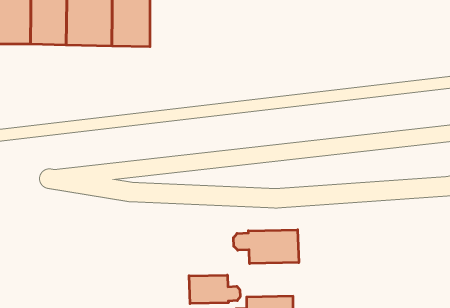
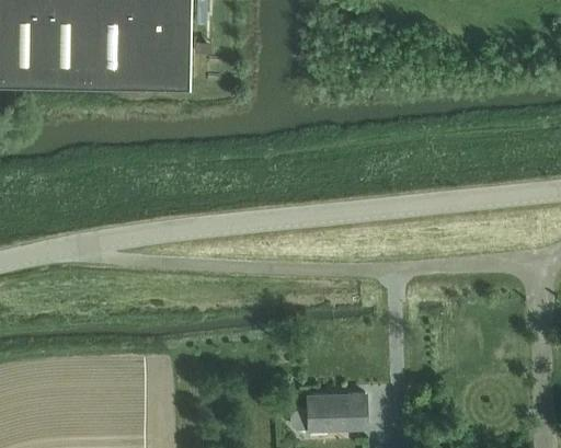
building: [233,230,299,264] -> none
building: [189,275,240,304] -> none

